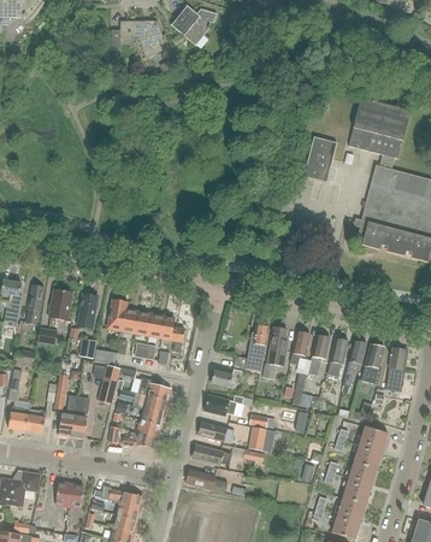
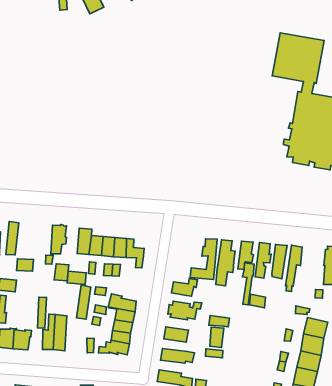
building: [302,136,336,182] -> none
building: [48,288,72,319] -> none
building: [360,343,384,384] -> none

